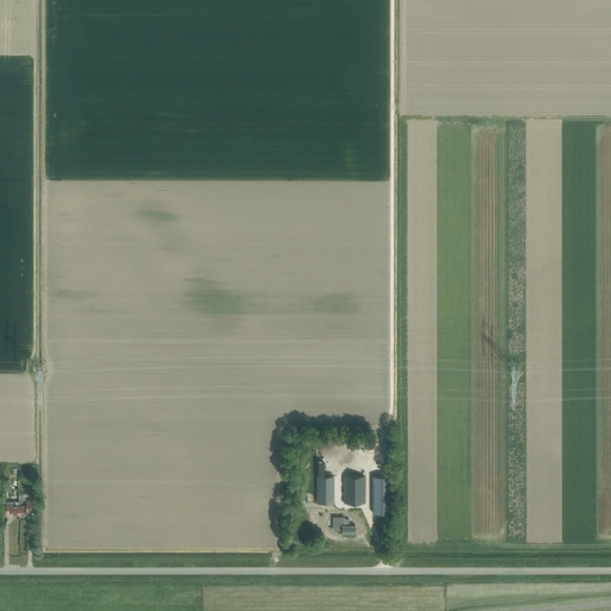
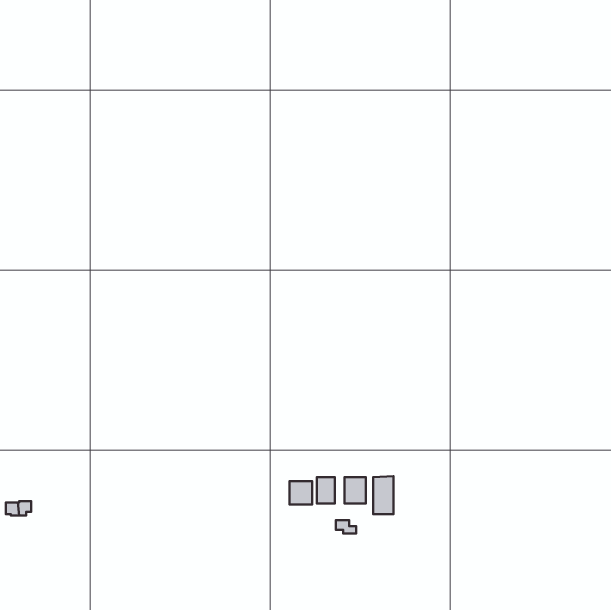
building: none -> [290,481,312,504]

